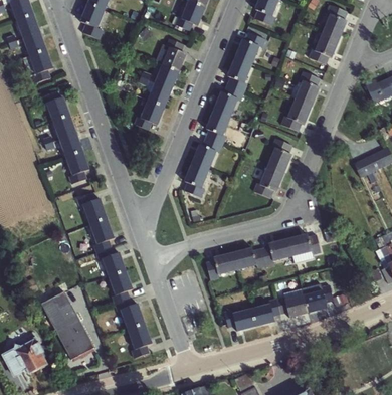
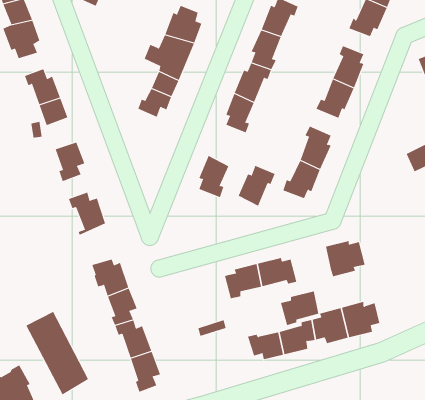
building: [58,131,83,157] -> none
building: [192,137,223,171] -> [238,165,276,207]
building: [85,218,115,252] -> none
building: [260,237,292,266] -> [280,291,319,326]

